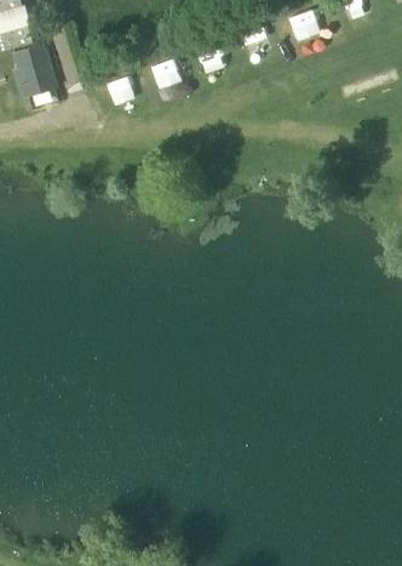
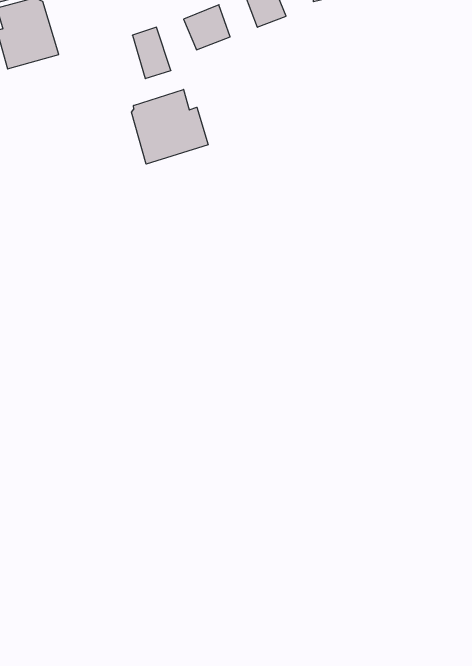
building: none -> [131,89,208,164]

